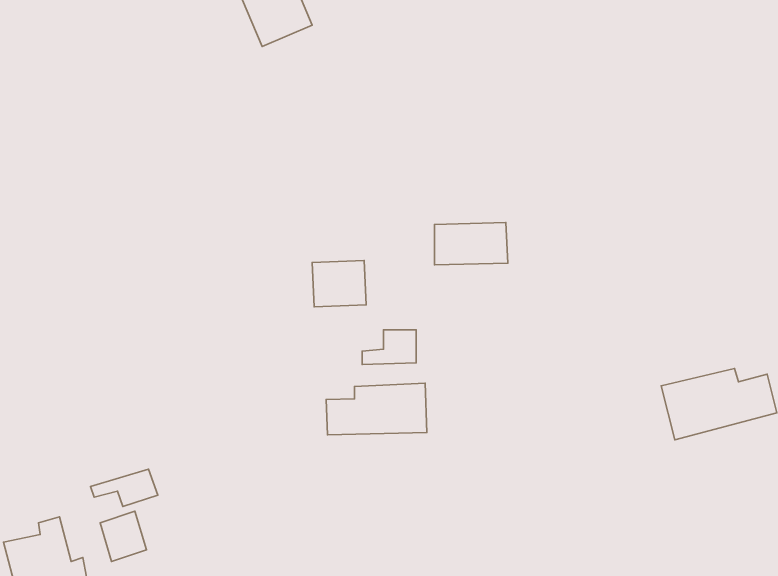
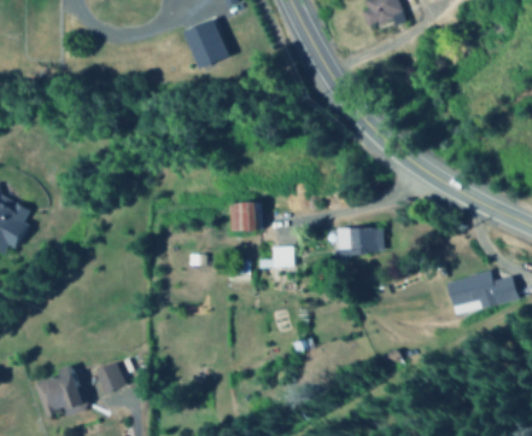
building: [434,223,508,265] -> [338,227,384,254]
building: [326,383,427,435] -> none
building: [90,469,158,507] -> none

